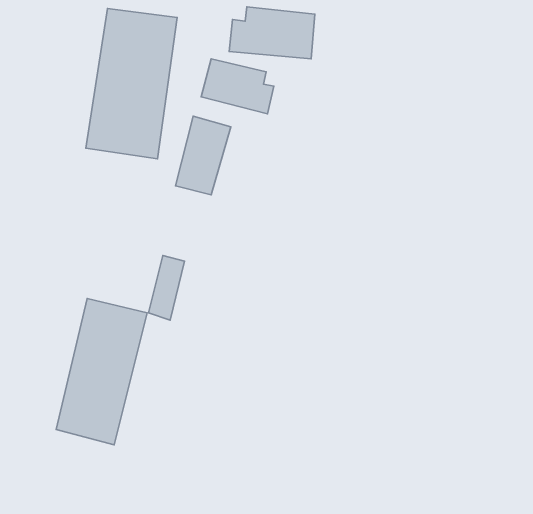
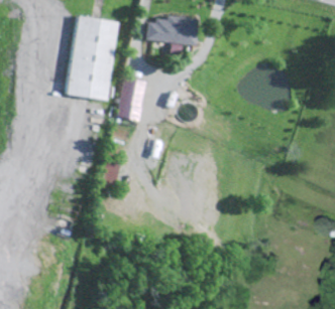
building: [201,59,274,114] -> none
building: [56,299,147,445] -> none

